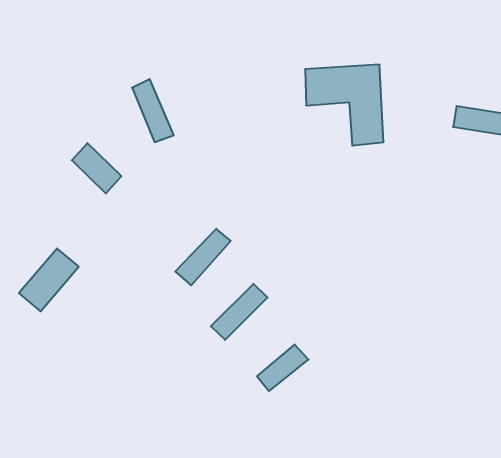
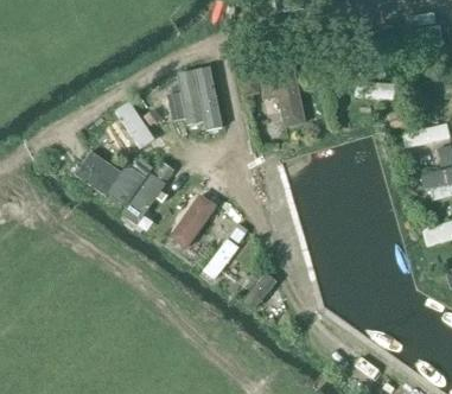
building: none -> [176,69,223,134]
building: [19,248,79,311] -> [121,177,161,224]

